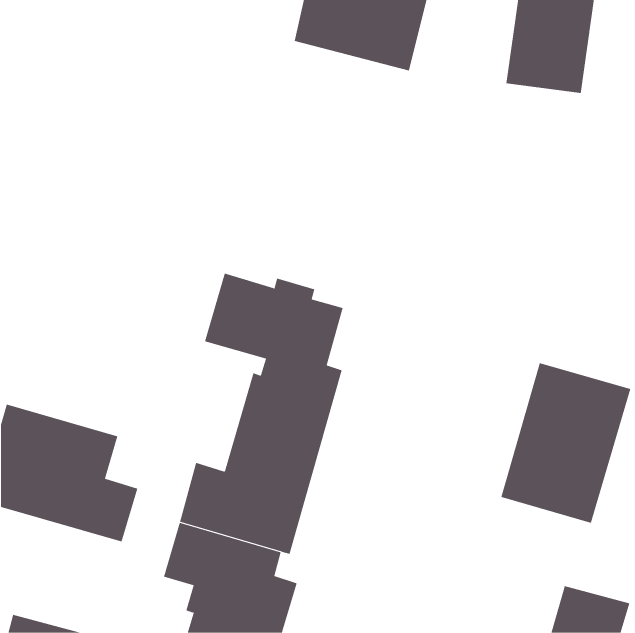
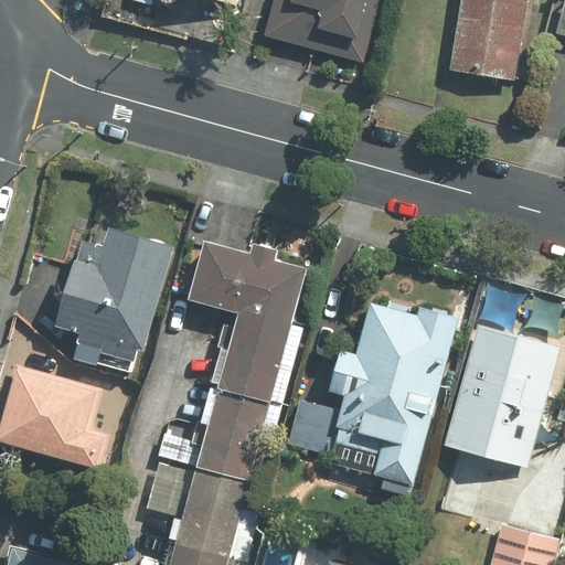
building: none -> [43,224,173,379]
building: none -> [286,298,457,498]

